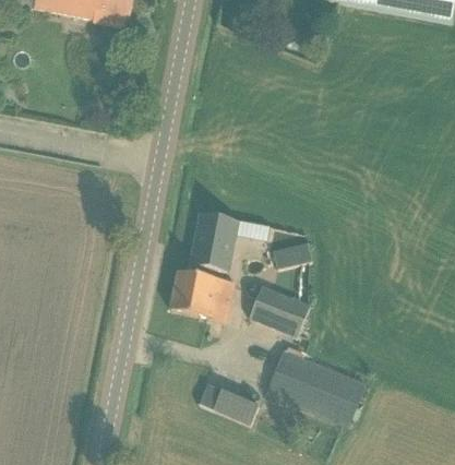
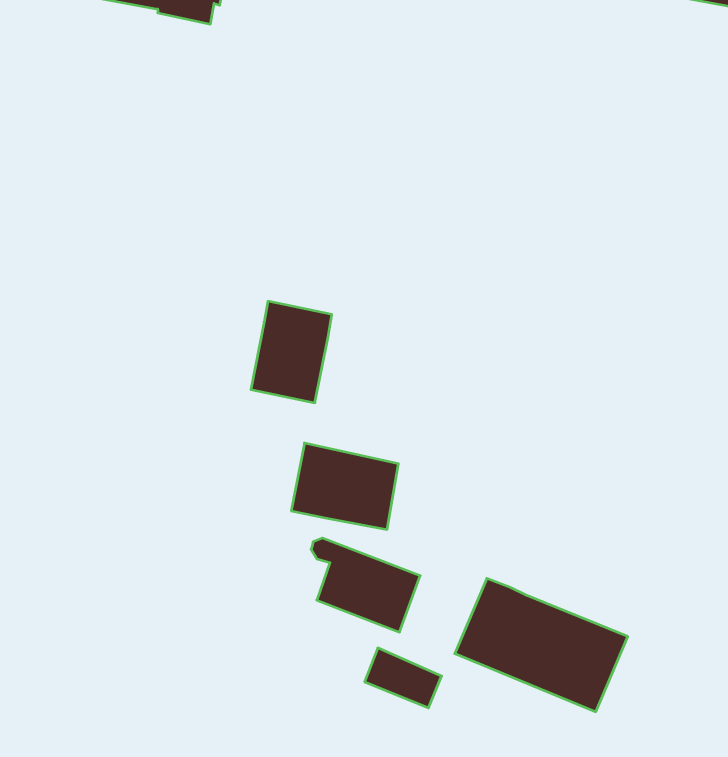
building: [190,211,237,270] -> [251,301,332,403]
building: [273,239,312,266] -> none
building: [246,281,309,335] -> [311,538,420,632]

